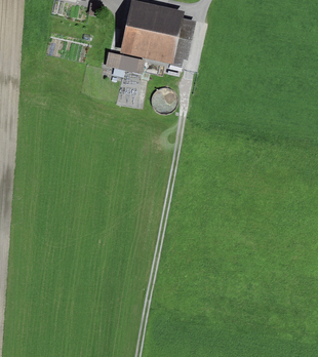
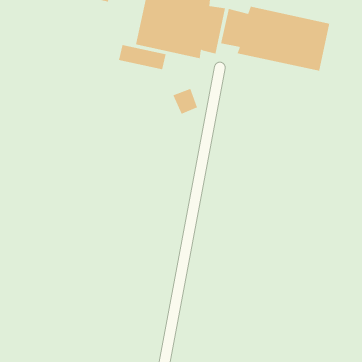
building: none -> [221,6,330,71]

